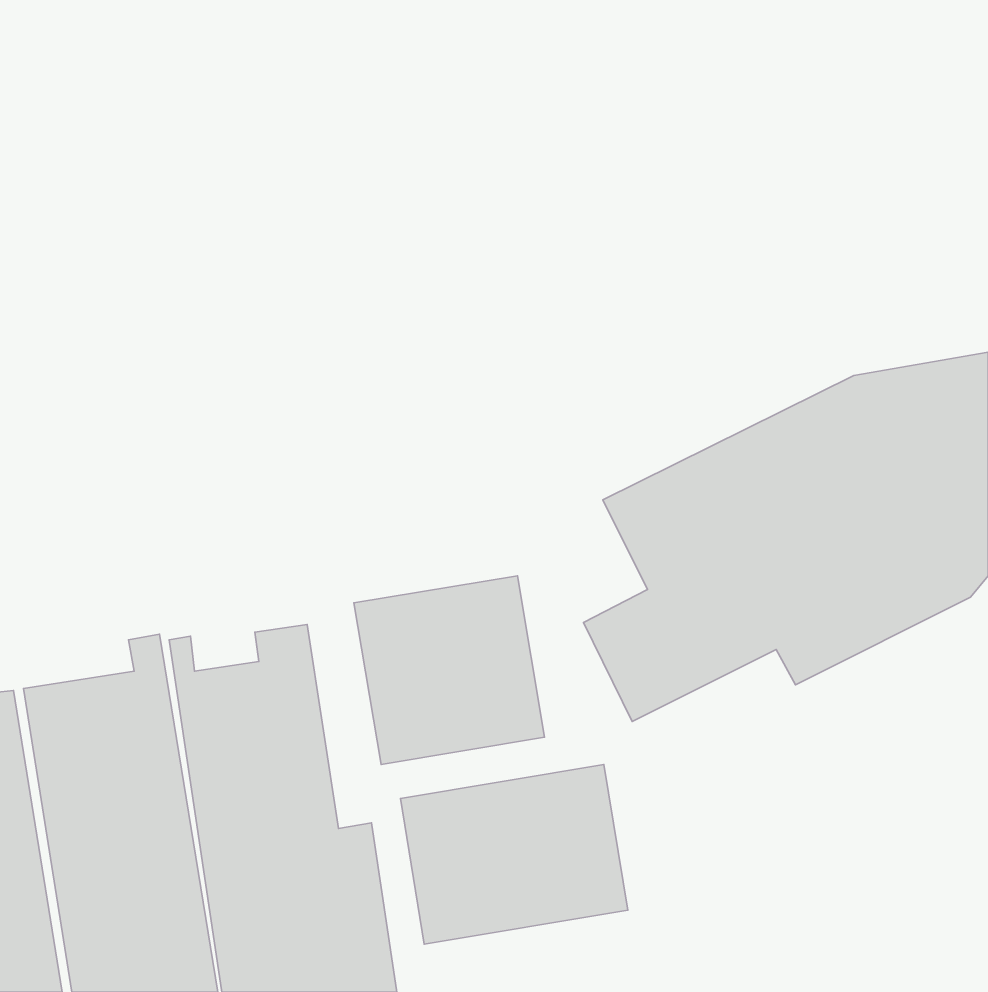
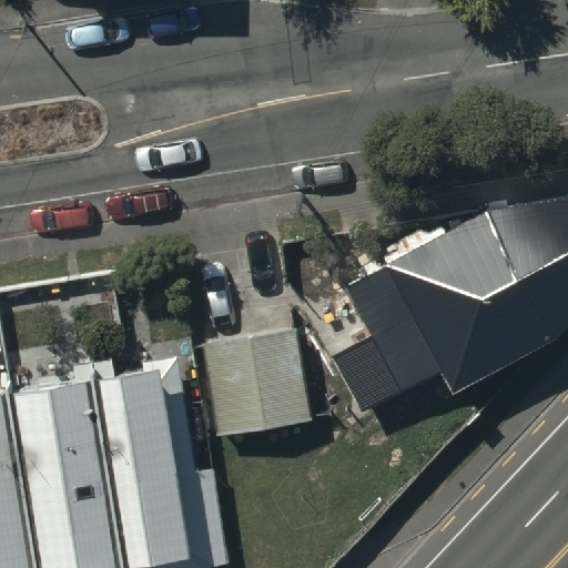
building: [400,764,628,944] -> none

